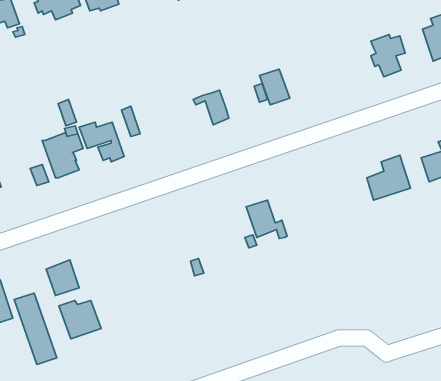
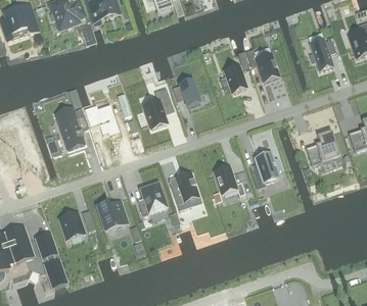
building: none -> [244,48,279,81]
building: none -> [142,87,172,128]
building: none -> [251,152,280,187]
building: none -> [170,171,198,209]
building: none -> [137,183,166,215]
building: [59,301,101,339] -> [95,200,128,230]

